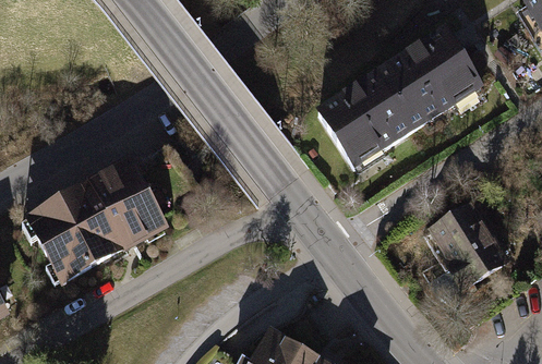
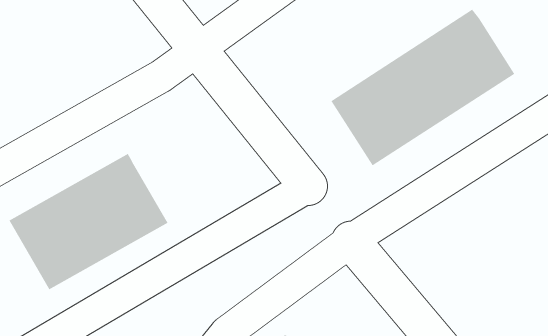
building: [421,203,505,295] -> none

